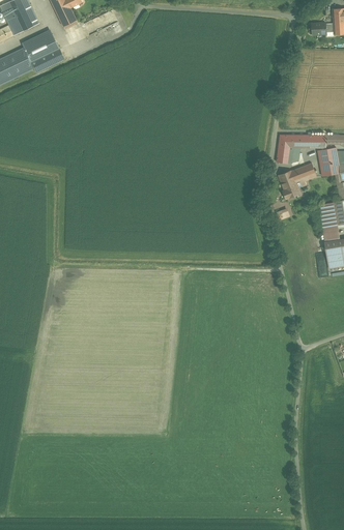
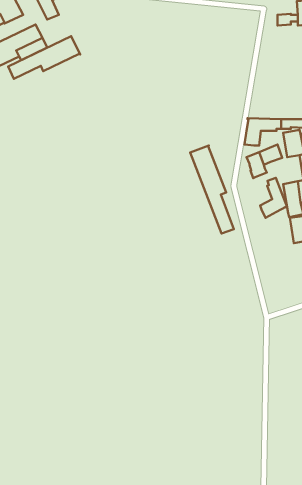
building: none -> [8,36,80,79]
building: none -> [190,146,234,234]
building: none -> [260,178,287,218]

